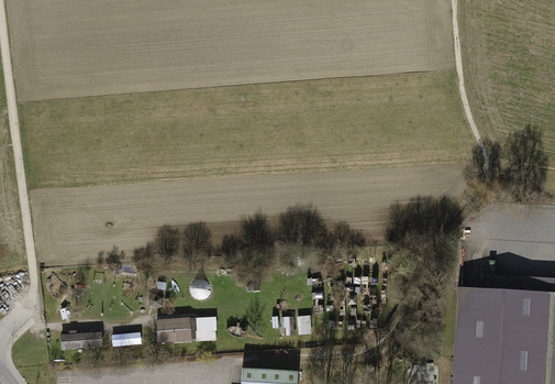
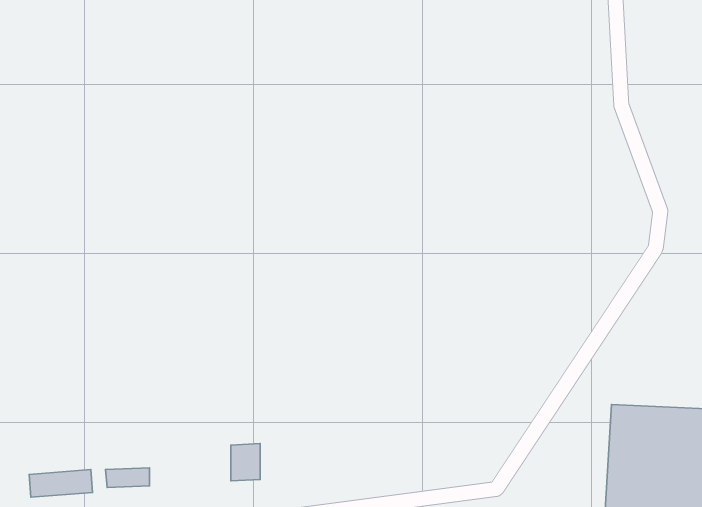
building: [157,317,199,343] -> none

